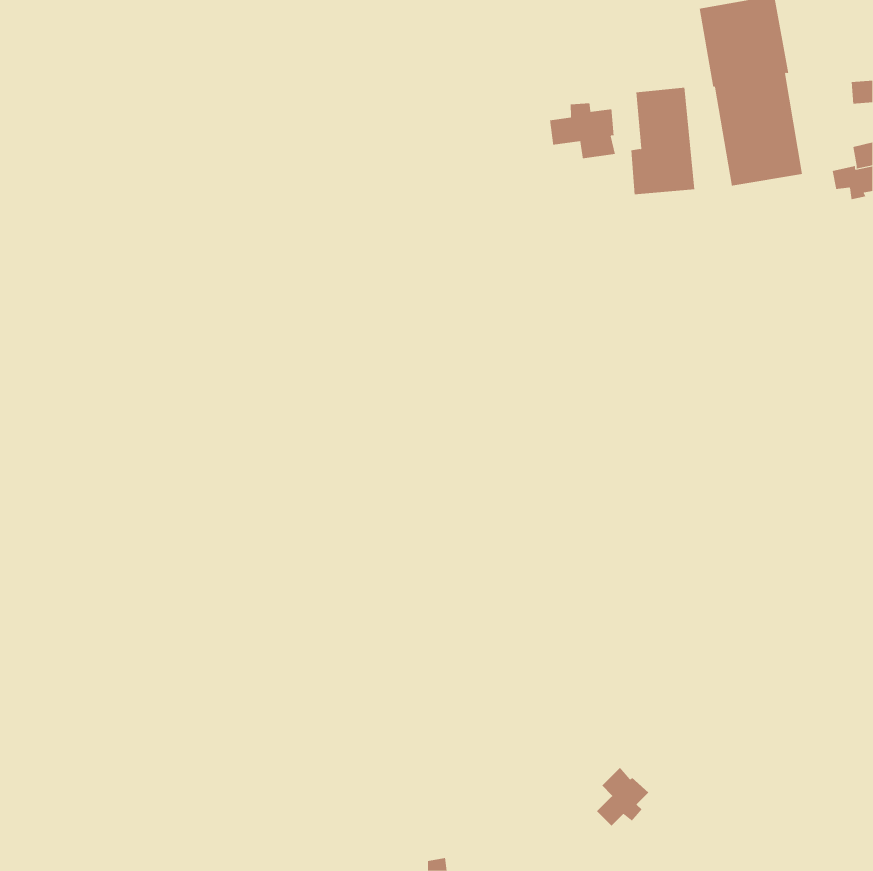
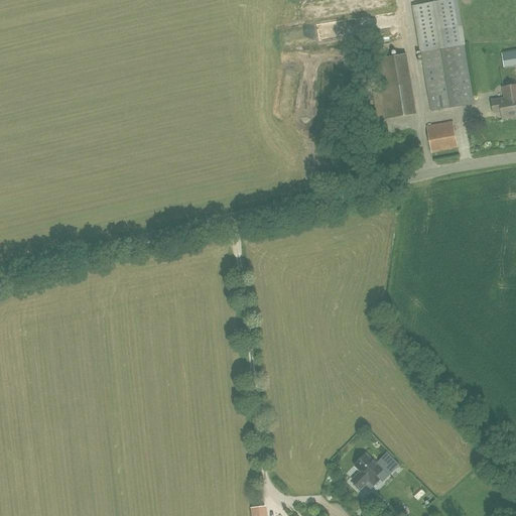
building: [549,103,615,159] -> none
building: none -> [427,121,458,151]

